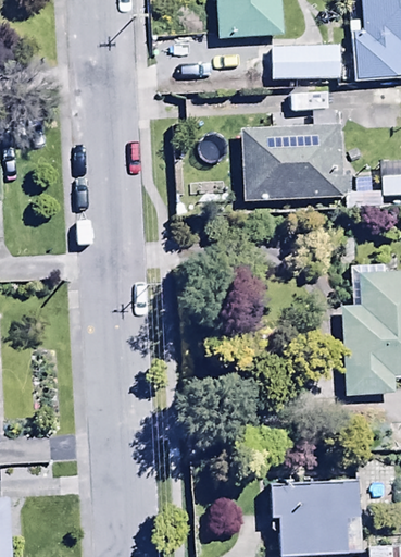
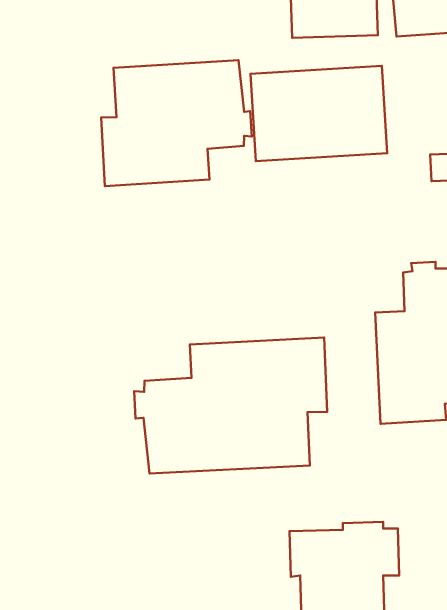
building: none -> [101,60,252,186]
building: none -> [134,337,327,474]

